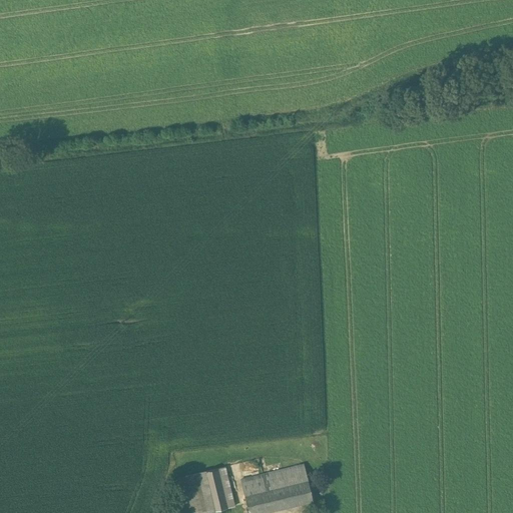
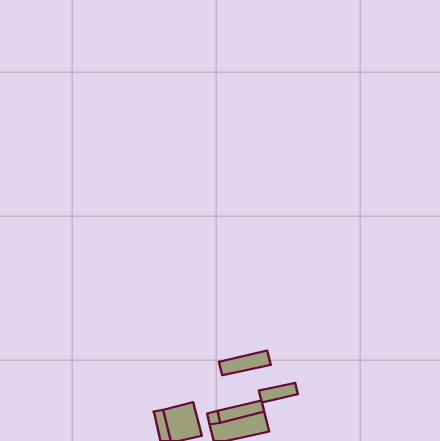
building: none -> [219,351,271,375]
building: none -> [259,383,298,403]

